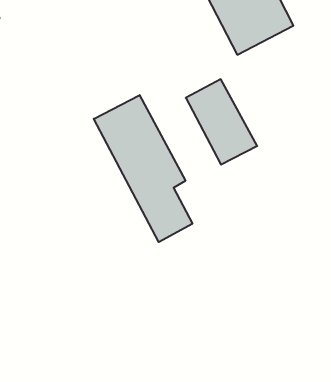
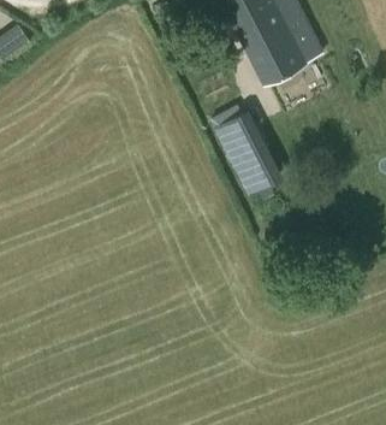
building: [94,95,192,242] -> none

